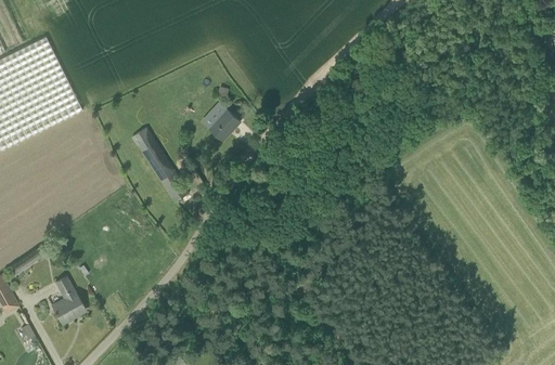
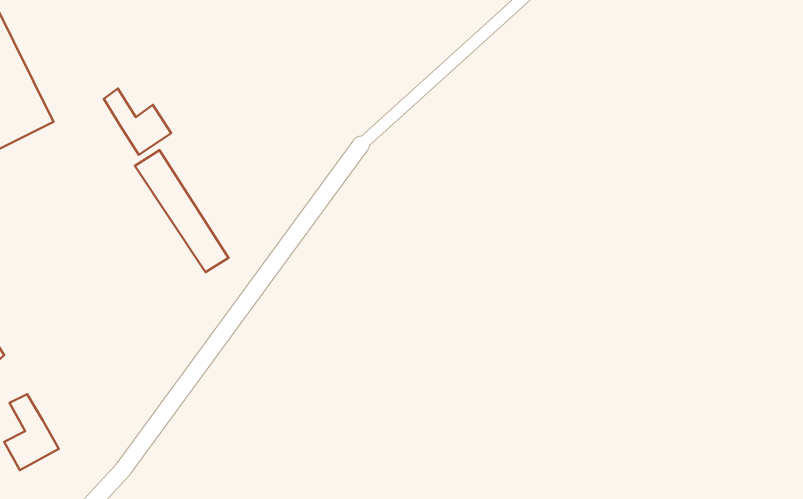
building: none -> [104,89,171,155]
building: [209,108,240,140] -> none

